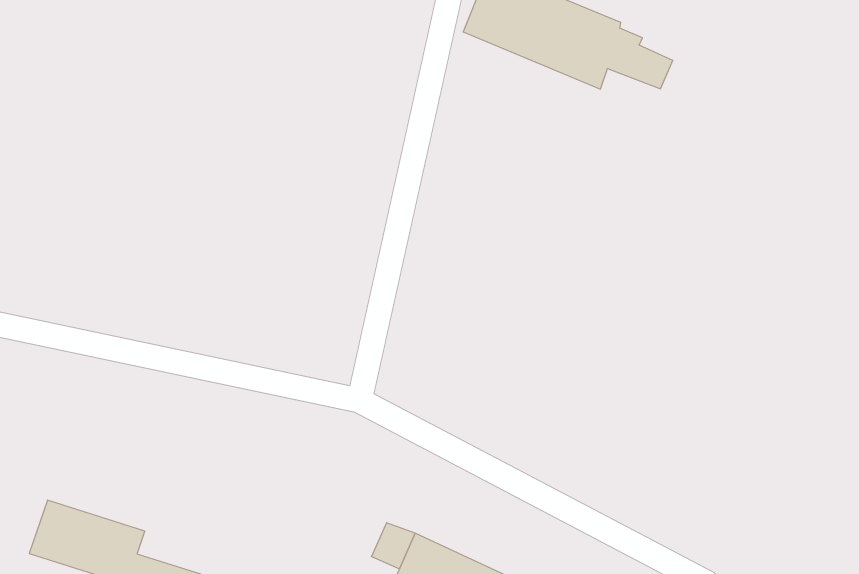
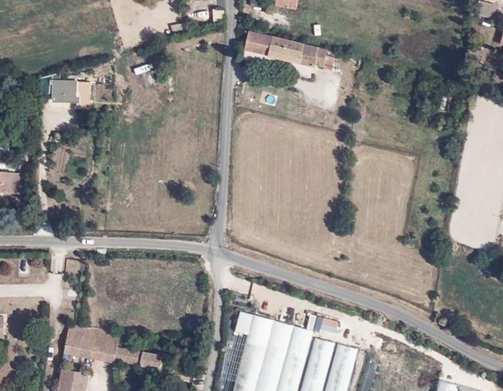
building: none -> [52,82,81,104]

